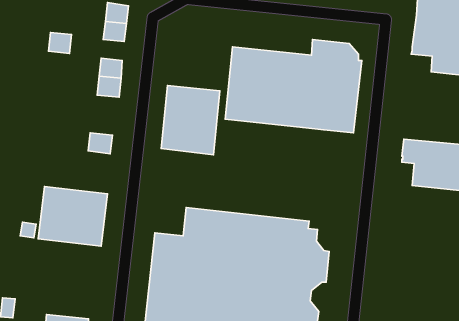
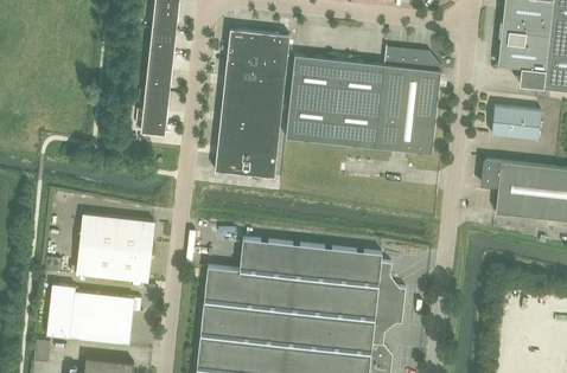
building: none -> [222,31,288,107]
building: [49,32,72,53] -> [147,49,173,72]
building: none -> [492,107,542,140]
building: [88,133,112,154] -> [140,111,167,135]
building: none -> [46,289,139,346]

